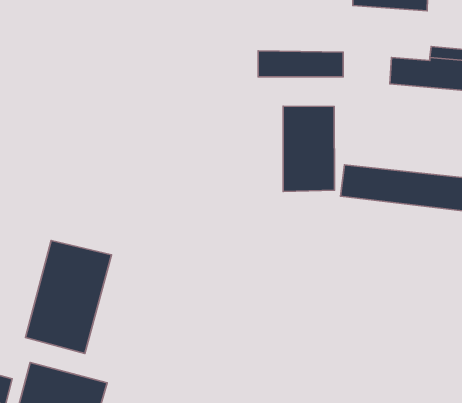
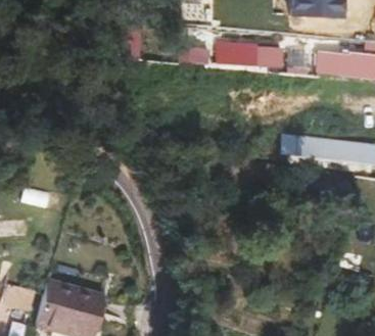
building: [283,106,335,192] -> none
building: [26,240,111,353] -> none

